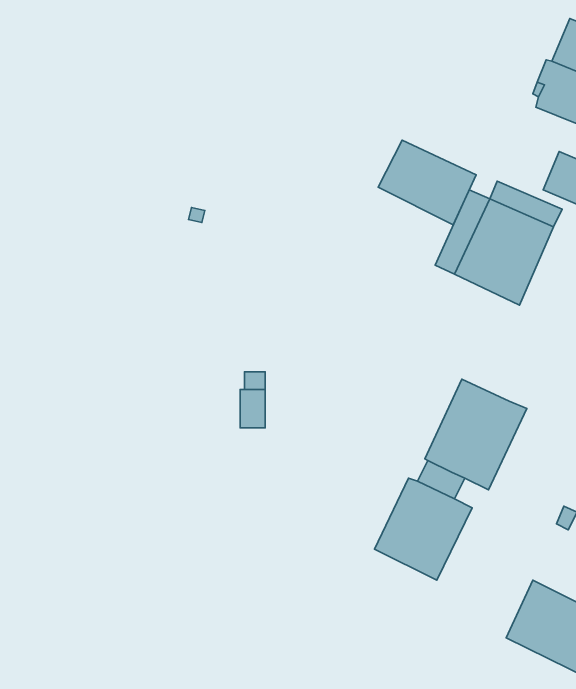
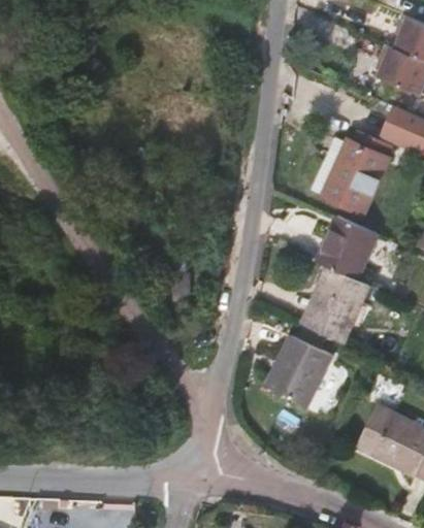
building: [378,140,476,225] -> none
building: none -> [315,214,380,282]

